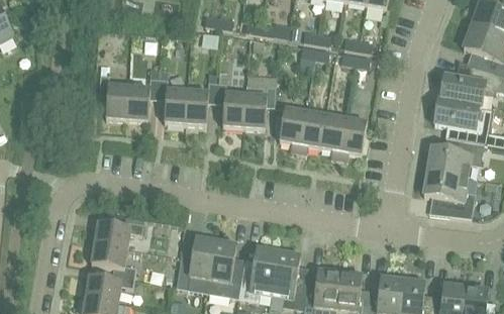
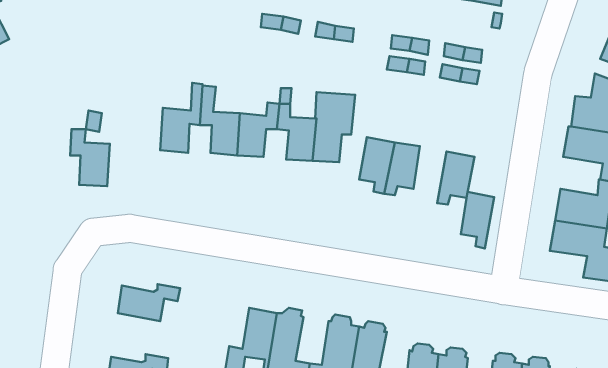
building: [98,74,128,117] -> [70,129,110,186]
building: [319,114,344,158] -> [461,192,494,249]
building: [91,241,134,276] -> none

